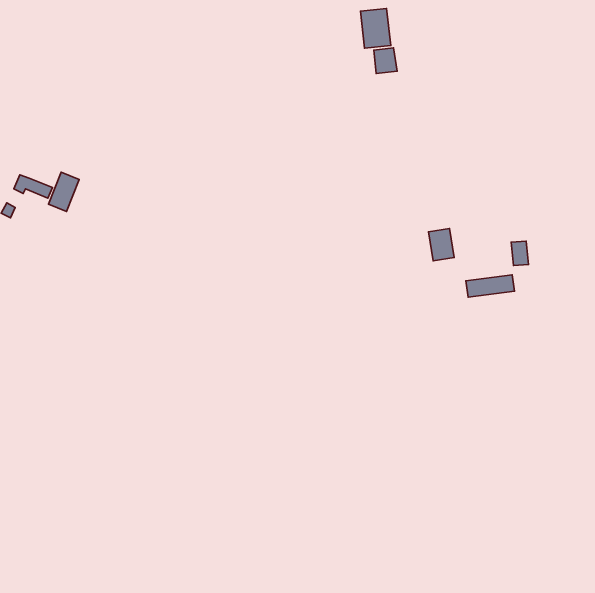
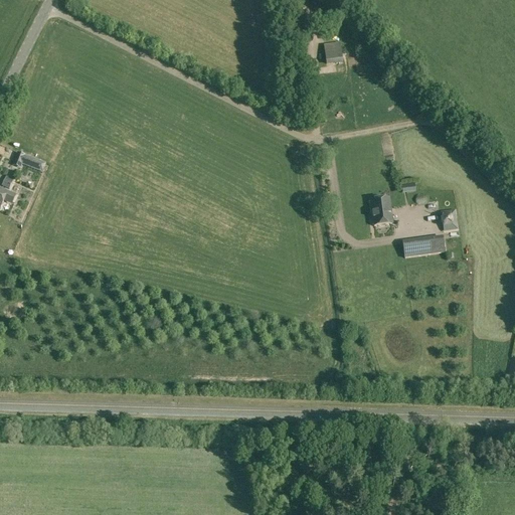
building: [361,8,391,48] -> none
building: [48,172,79,212] -> none

